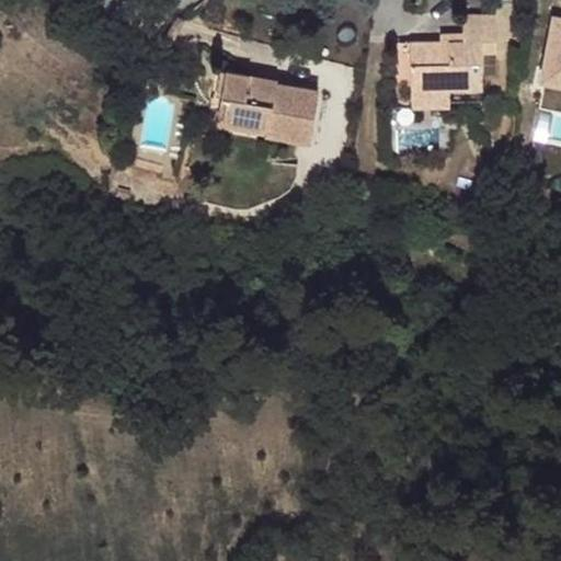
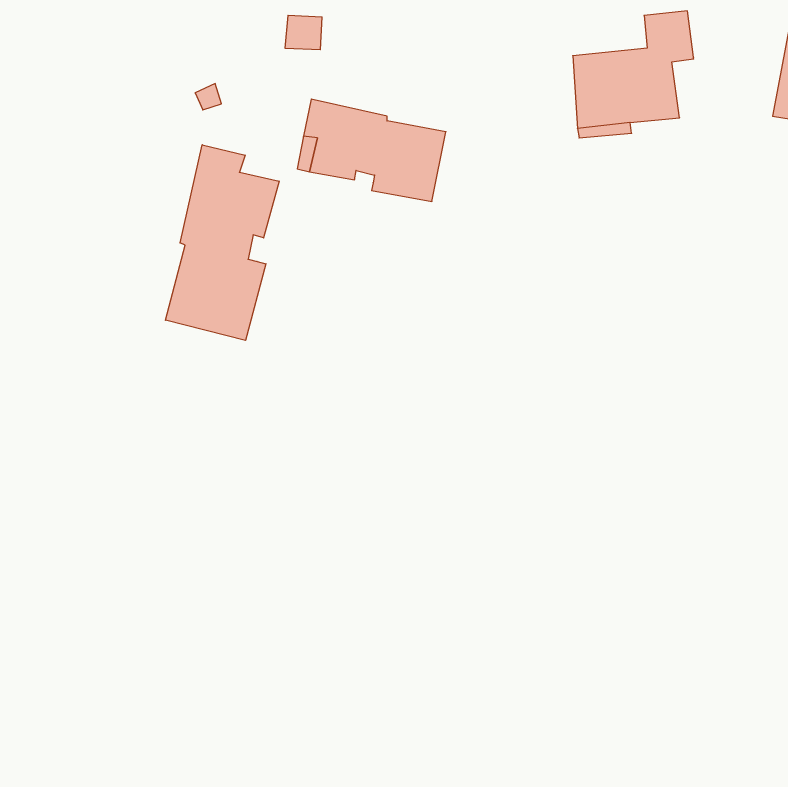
building: none -> [165,145,279,340]

